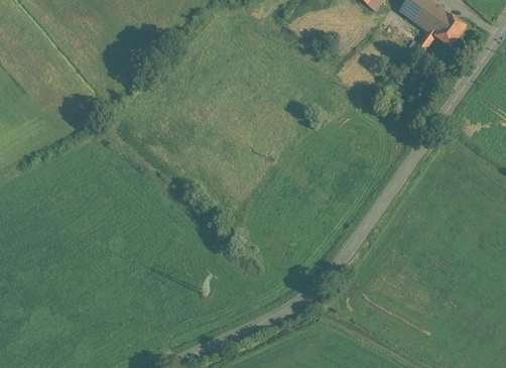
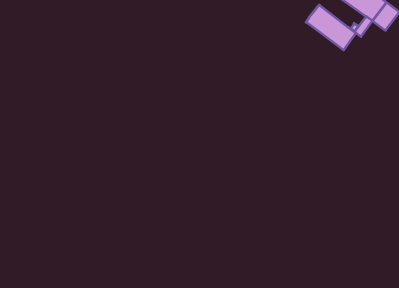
building: none -> [306,5,356,50]

